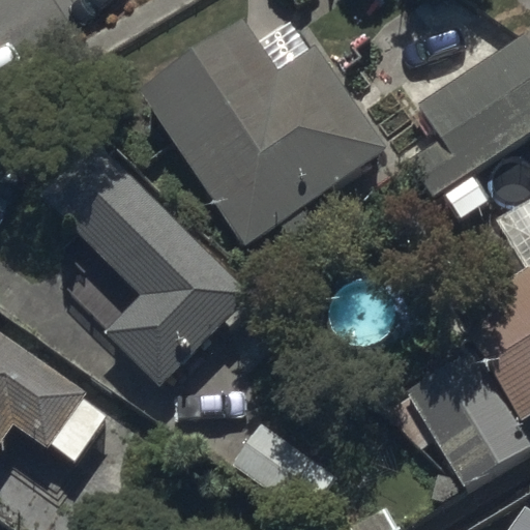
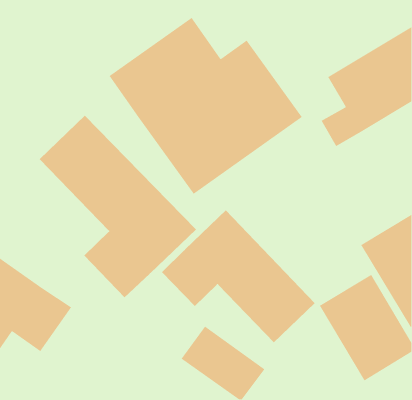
building: none -> [161,209,316,343]

